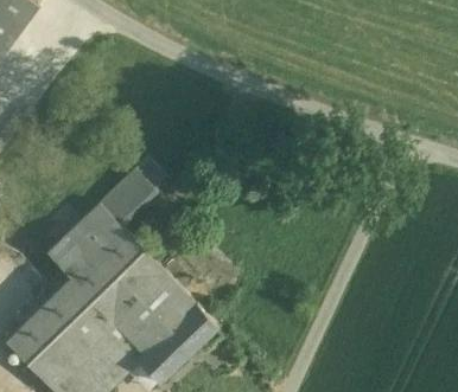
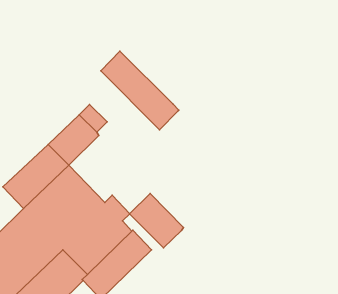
building: none -> [101,51,179,130]
building: none -> [129,194,183,248]

